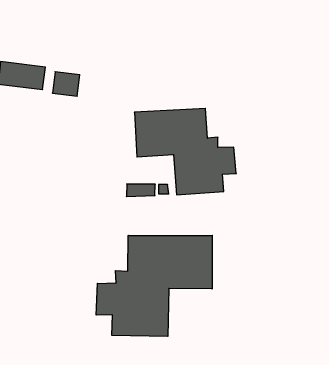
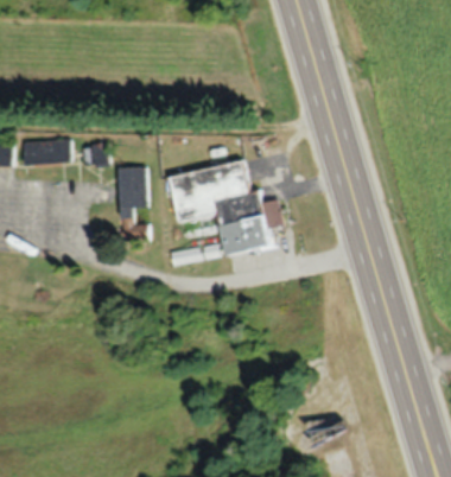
building: none -> [119,166,148,241]
building: [96,235,212,336] -> none

